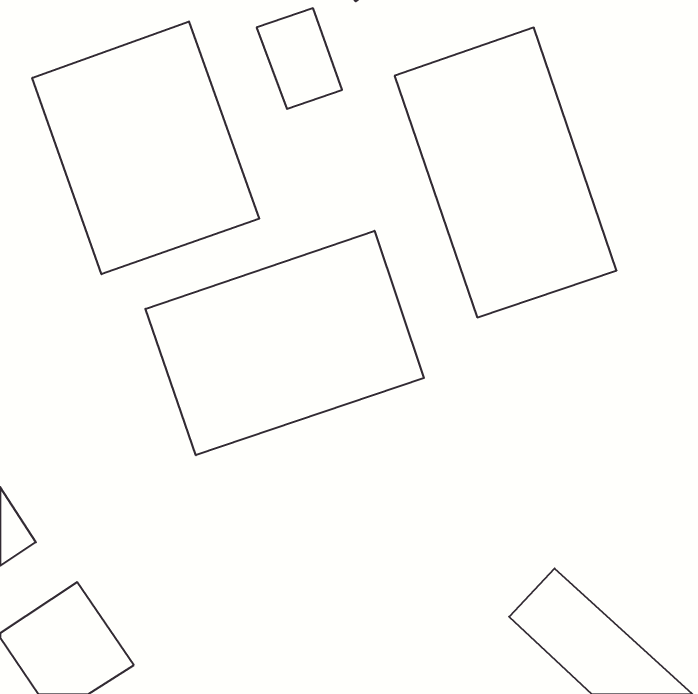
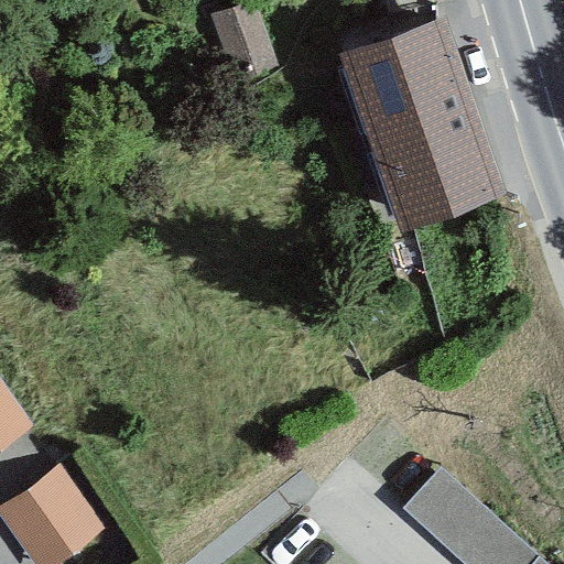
building: [32,21,259,274] -> none
building: [145,231,424,455] -> none

